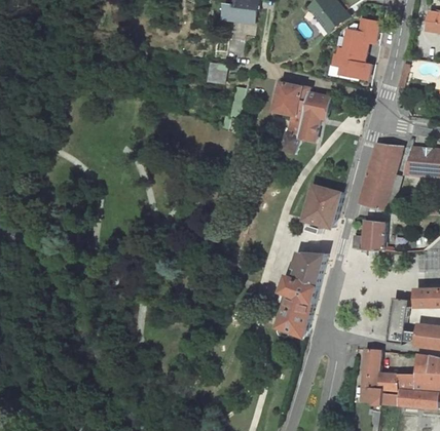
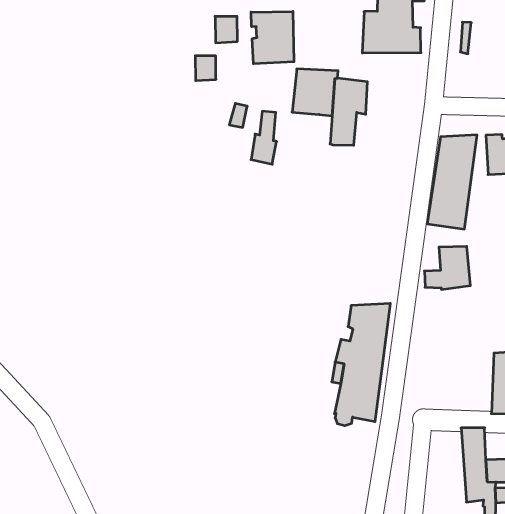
building: none -> [251,11,294,64]
building: [280,116,301,154] -> [251,111,277,164]
building: [303,185,341,234] -> none

